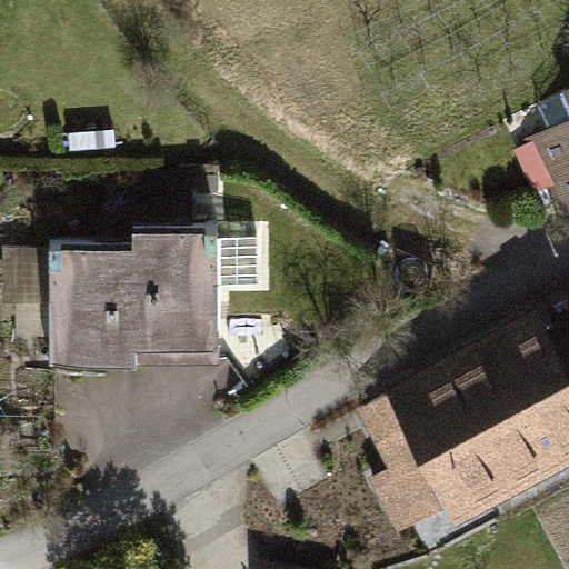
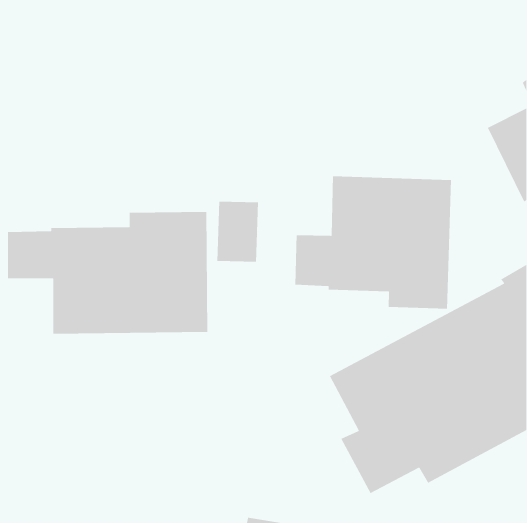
building: none -> [295,176,452,310]

